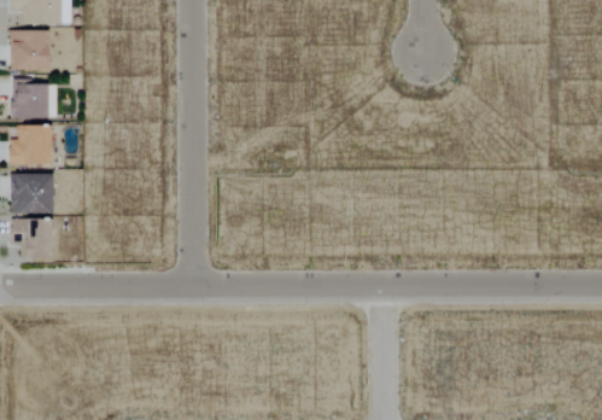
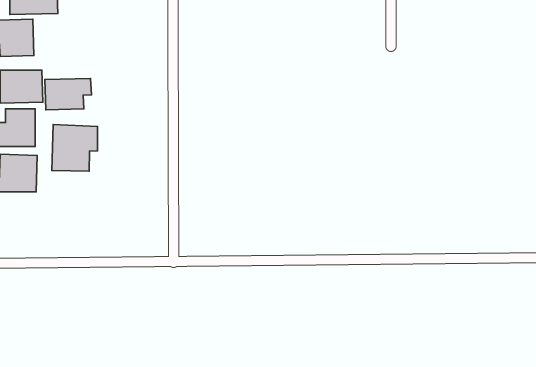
building: none -> [45,79,91,110]
building: none -> [52,124,98,171]

